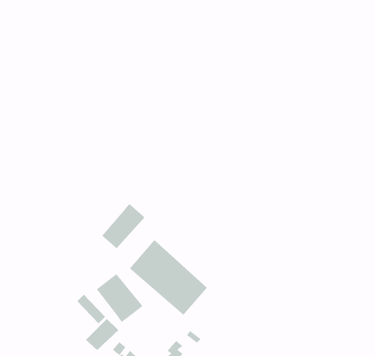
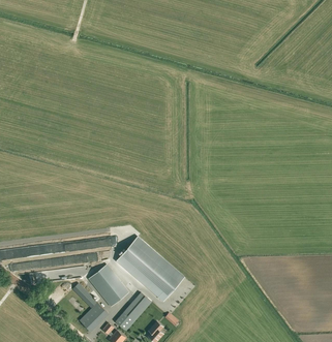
building: [101,203,146,249] -> none
building: none -> [115,291,151,331]

